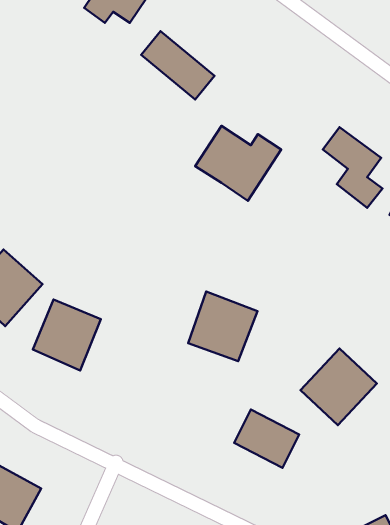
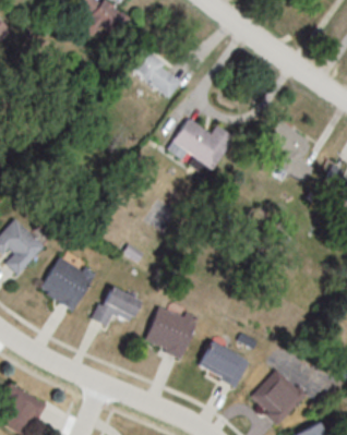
building: [188,292,258,361] -> [144,304,199,359]
building: none -> [92,283,141,328]
building: [300,349,377,425] -> [249,365,309,425]

